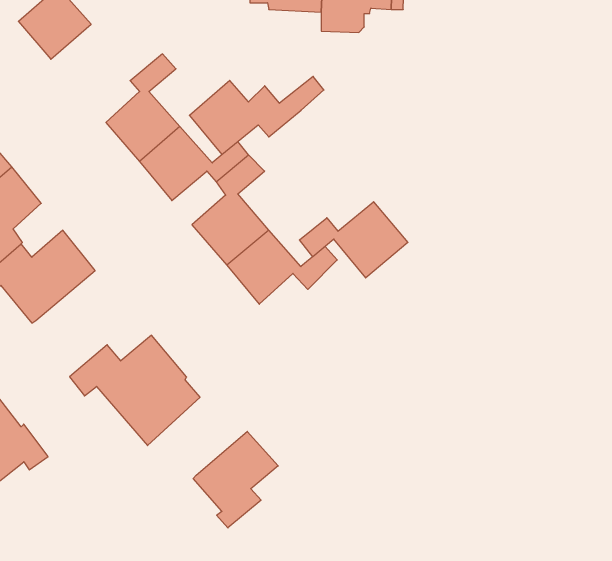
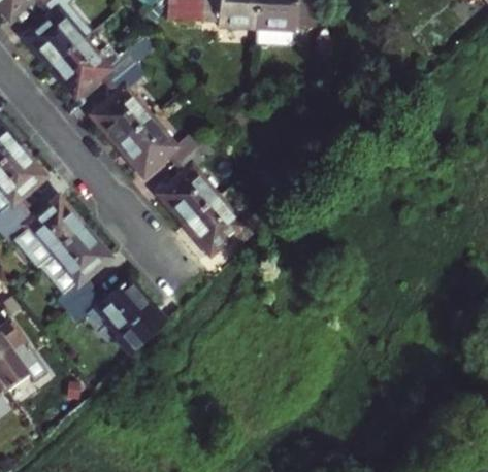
building: [189,76,324,154] -> [50,34,153,94]
building: [299,202,408,278] -> none
building: none -> [38,226,108,307]
building: [193,431,278,528] -> none

